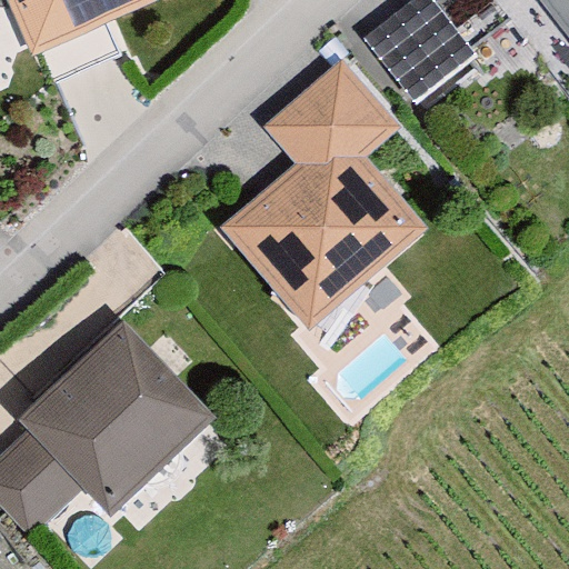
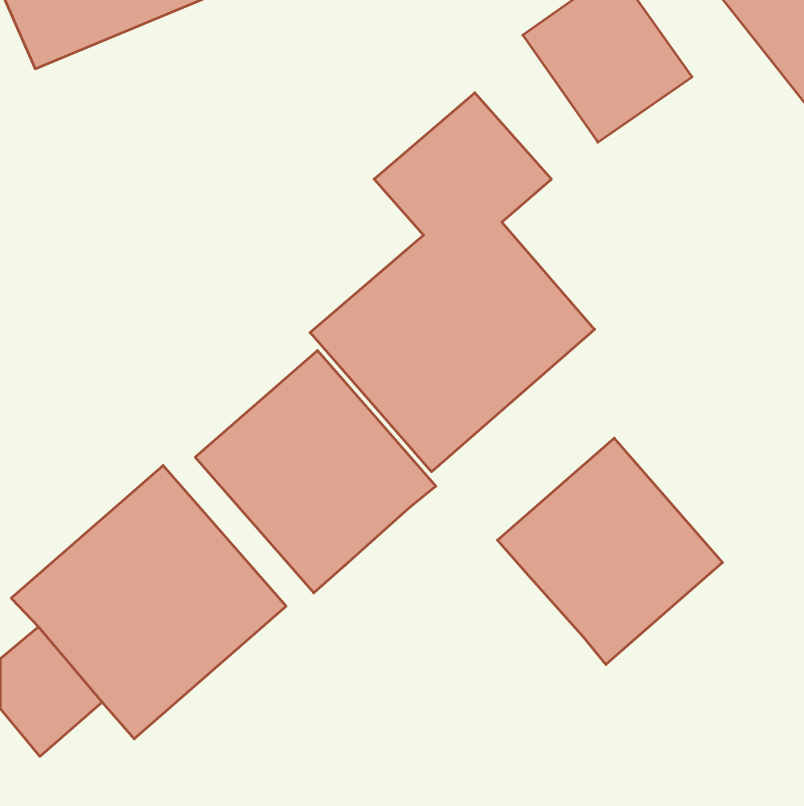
building: none -> [195,350,436,593]
building: none -> [497,438,723,665]

